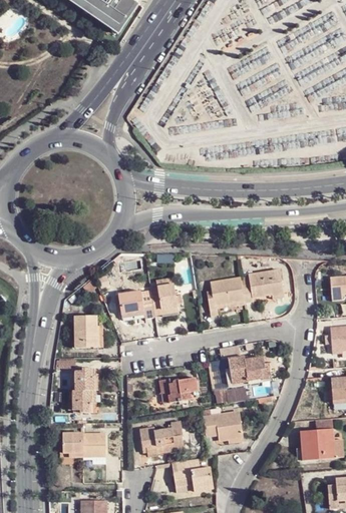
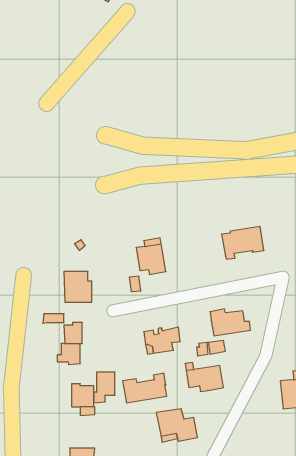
building: [209,277,245,316] -> none
building: [119,290,155,319] -> none
building: [62,433,84,465] -> [94,372,115,403]

